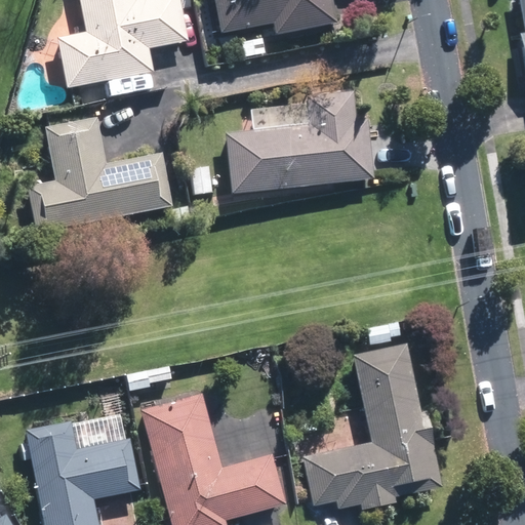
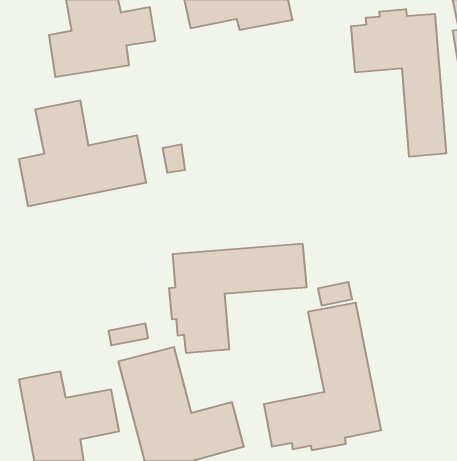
building: none -> [351,9,446,157]
building: [226,89,373,194] -> none
building: none -> [169,244,306,353]

